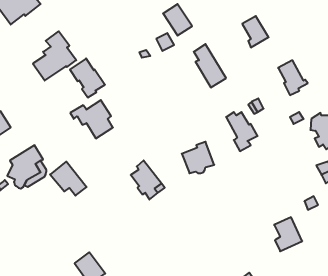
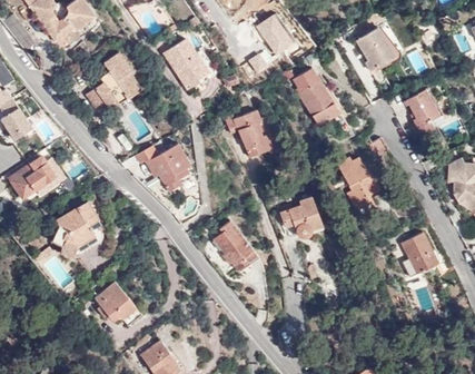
building: [70,58,105,97] -> [165,38,210,89]
building: none -> [225,110,273,157]
building: [50,162,87,196] -> [95,282,142,326]
building: [274,217,302,251] -> [400,233,437,277]

